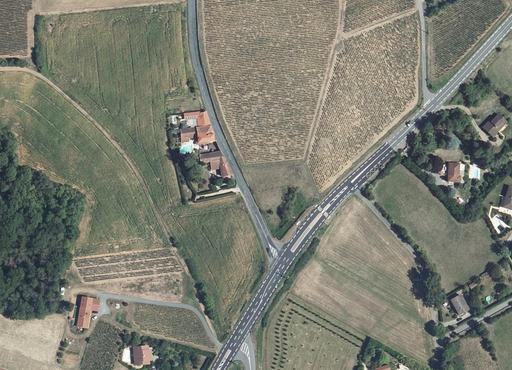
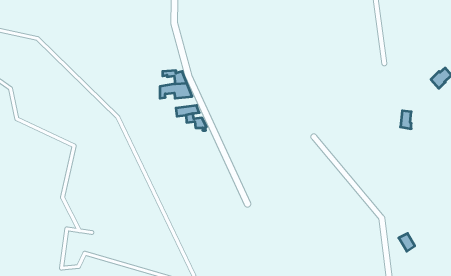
building: [79,298,100,328] -> none

